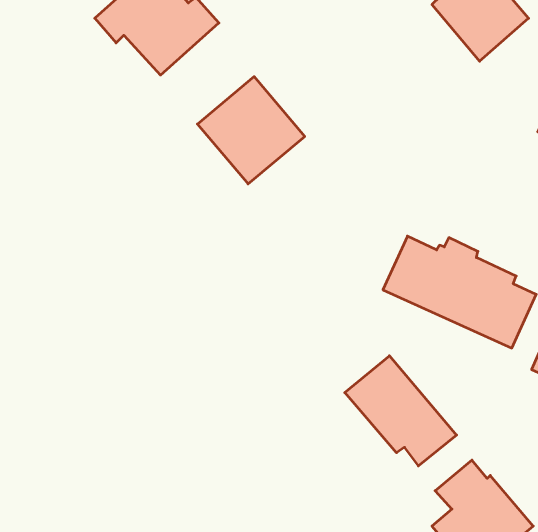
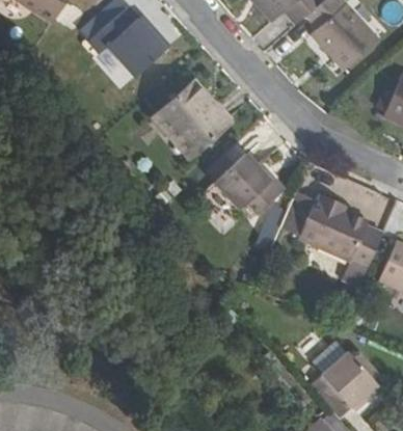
building: none -> [212,146,285,211]
building: [345,356,457,466] -> none

